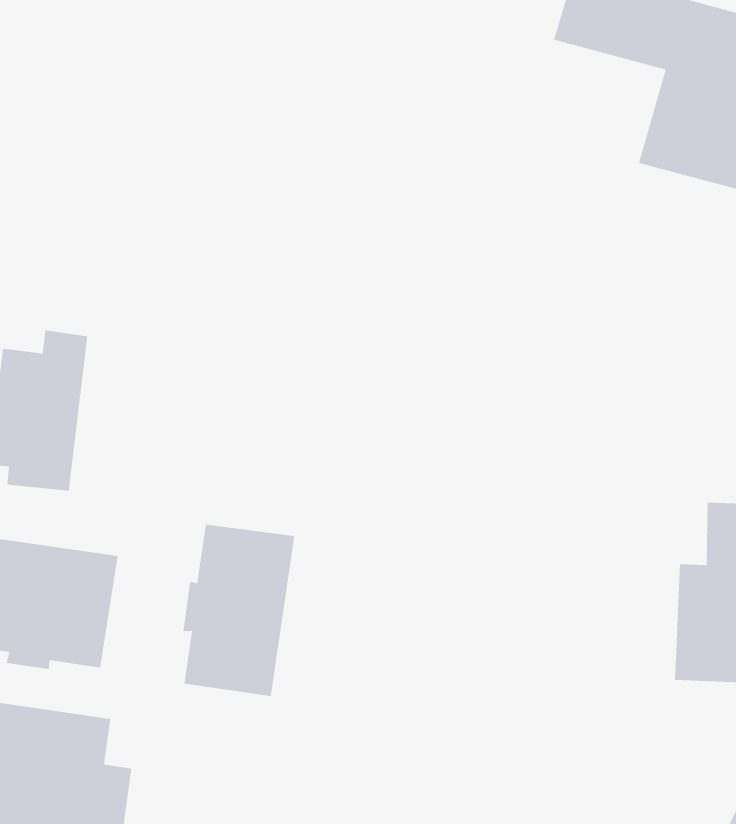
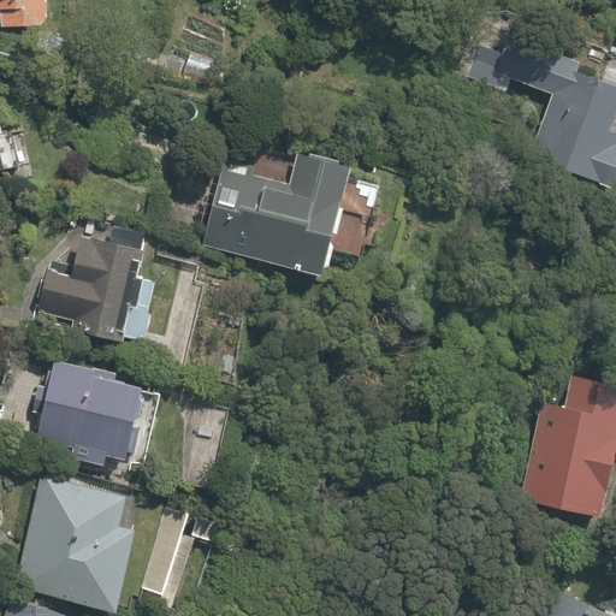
building: none -> [202,148,351,279]
building: [183,524,295,697] -> none

